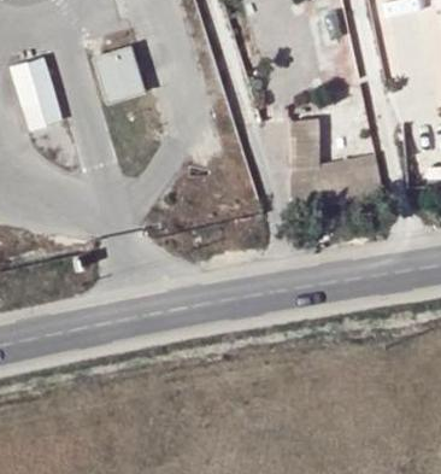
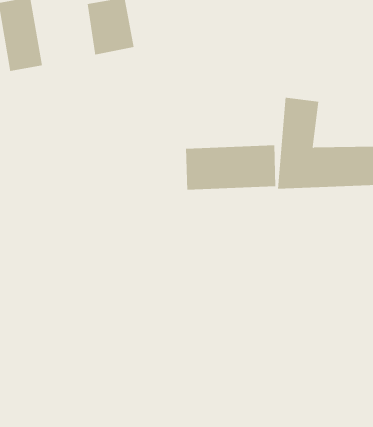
building: none -> [186,145,276,191]

